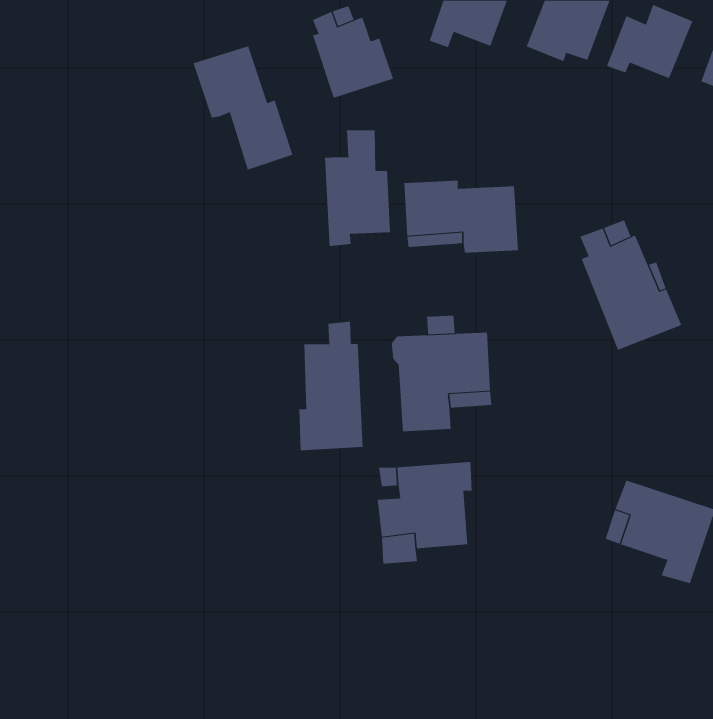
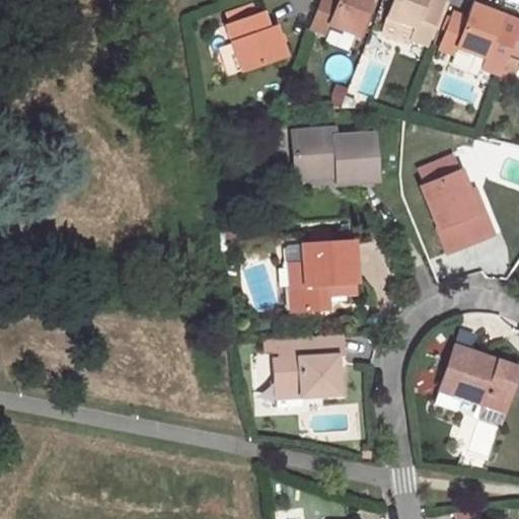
building: [193,45,293,170] -> none
building: [325,130,391,247] -> none
building: [299,321,363,451] -> none

